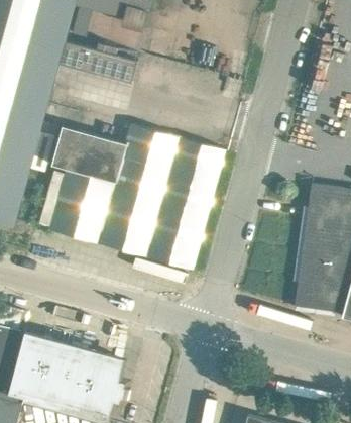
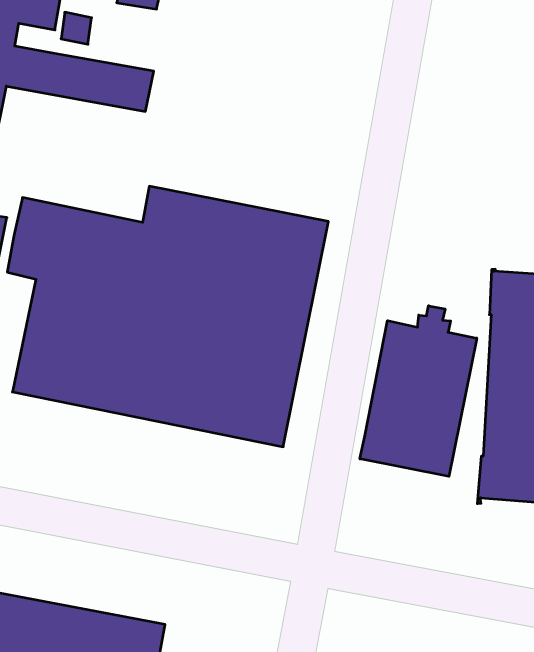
building: none -> [360,306,477,476]

